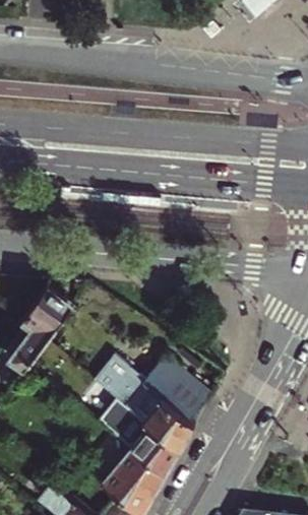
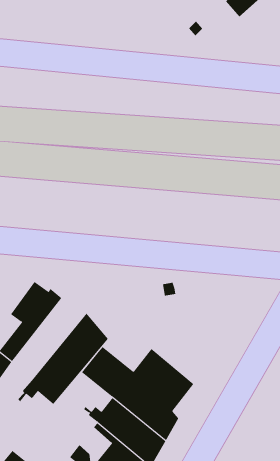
building: none -> [17,313,108,405]

